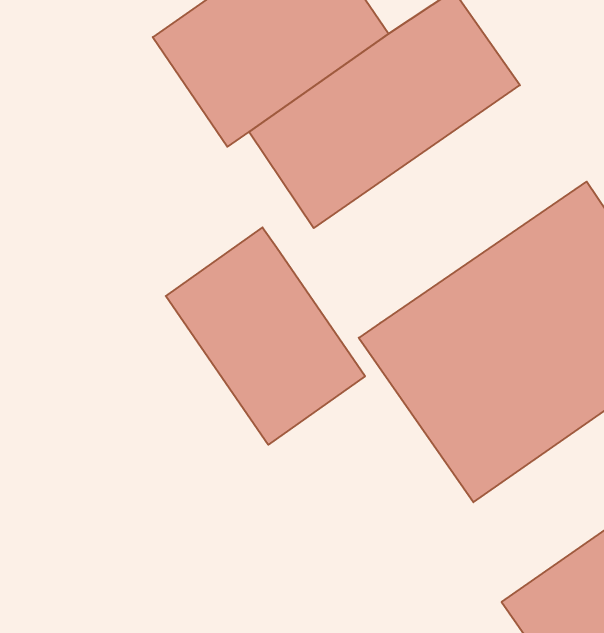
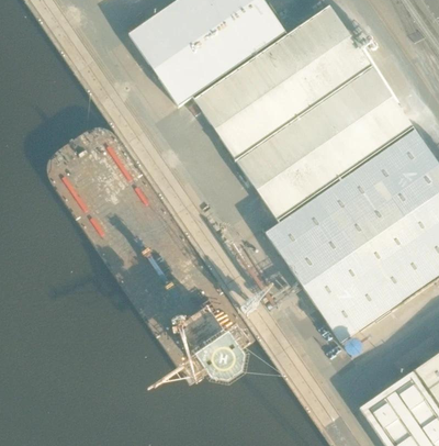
building: none -> [236,66,416,223]
building: [166,227,365,445] -> none

